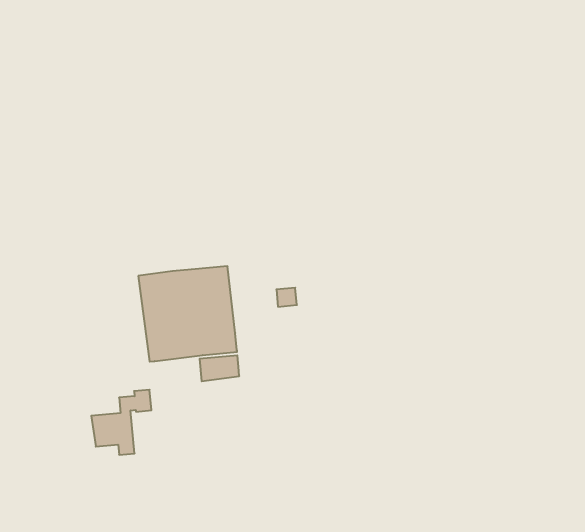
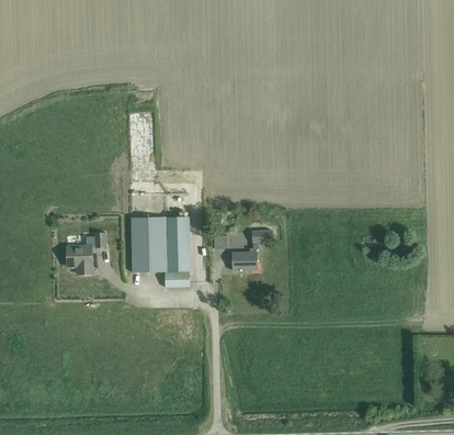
building: none -> [231,231,271,271]
building: [91,390,151,455] -> [66,234,104,274]

